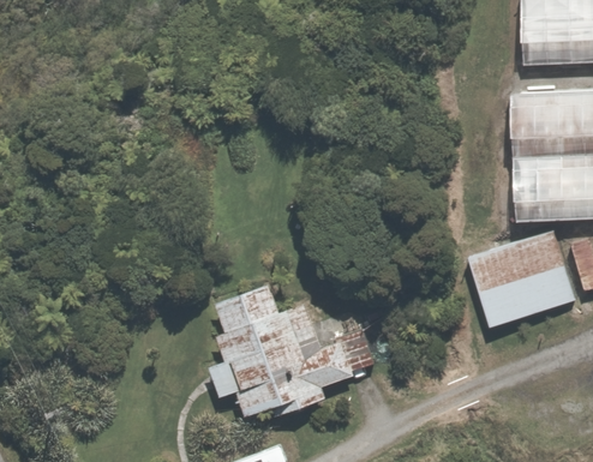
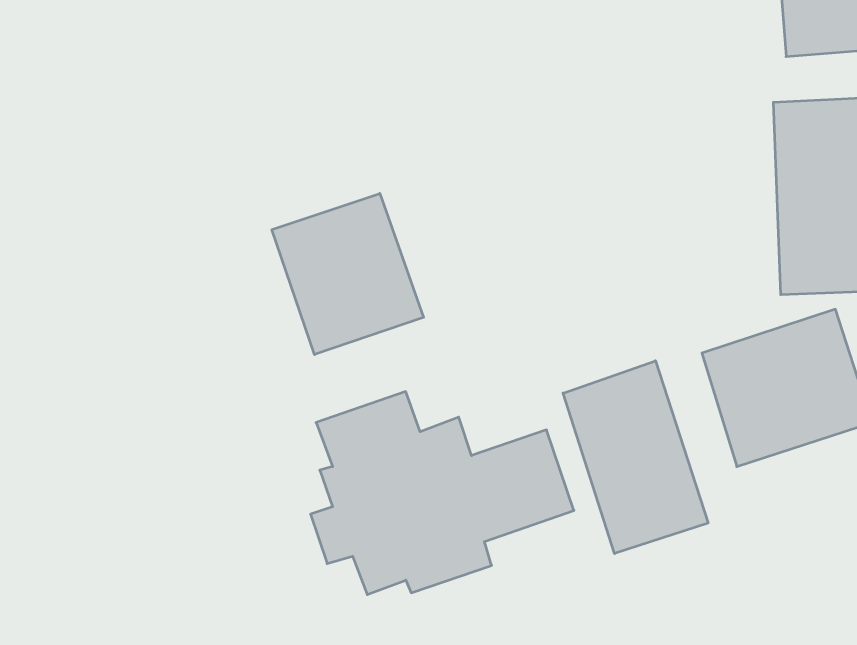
building: none -> [272,193,424,355]
building: none -> [563,361,708,554]

